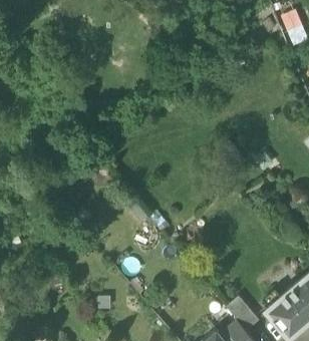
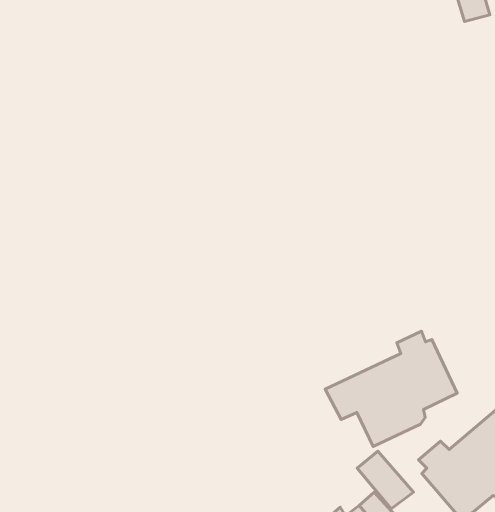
building: none -> [325,331,457,446]

